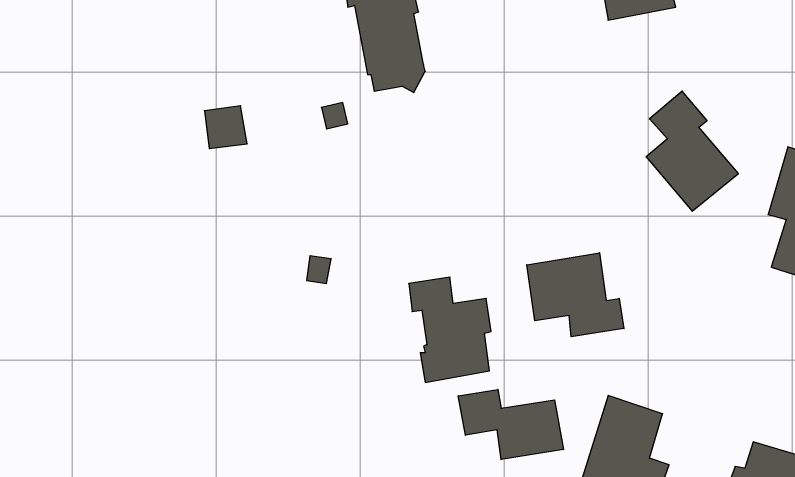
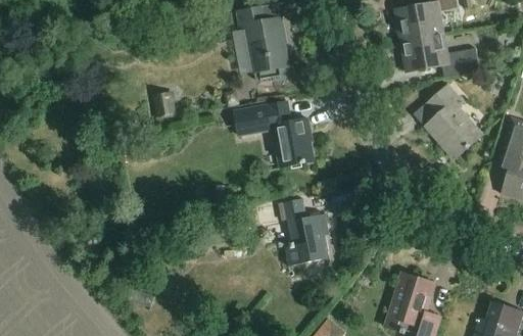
building: none -> [402,31,480,78]
building: none -> [236,100,313,165]
building: [527,253,624,337] -> none
building: [458,389,564,460] -> none

